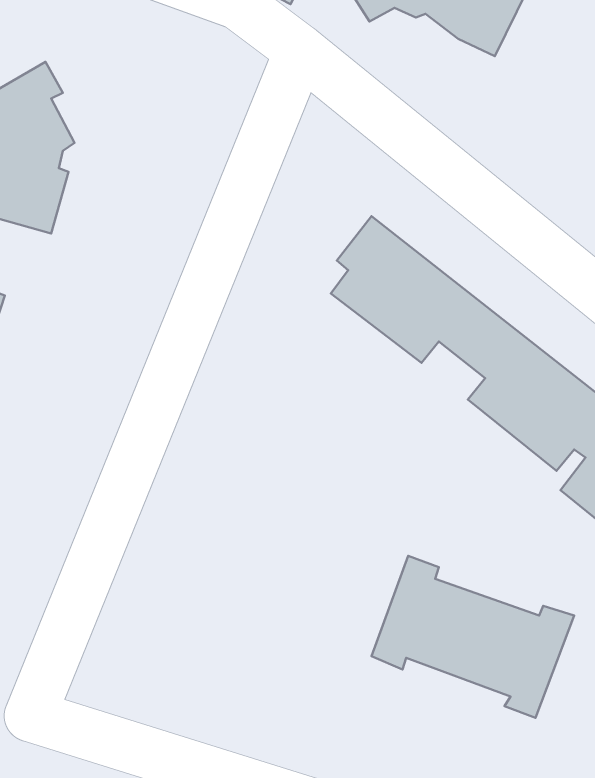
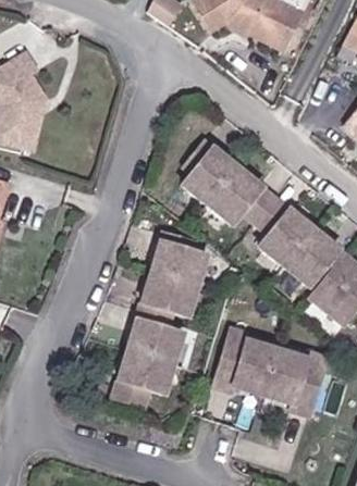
building: none -> [109,235,211,408]

